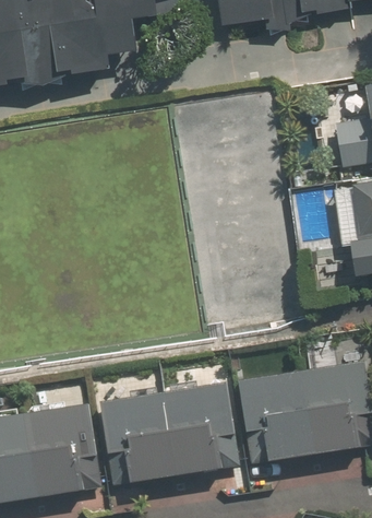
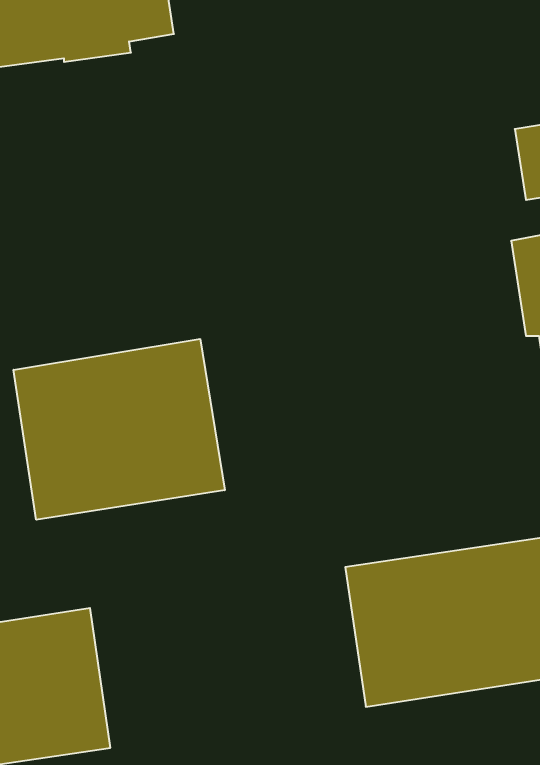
building: none -> [14,339,225,520]
building: [100,381,238,482] -> none

